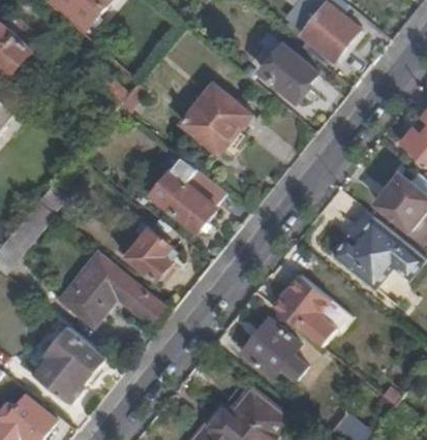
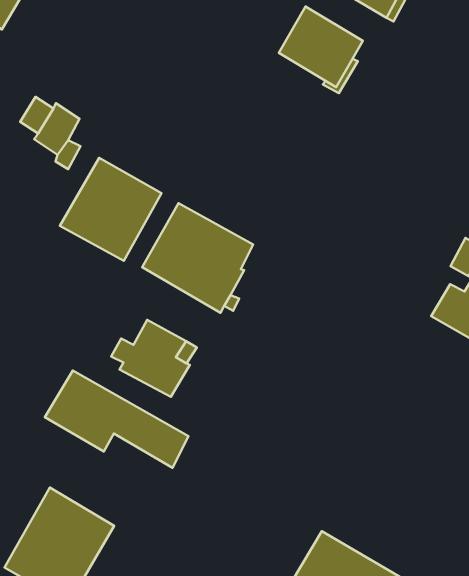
building: [180,85,248,153] -> [60,158,161,261]
building: [273,276,335,347] -> none
building: [57,280,106,326] -> none
building: [240,318,304,379] -> none

